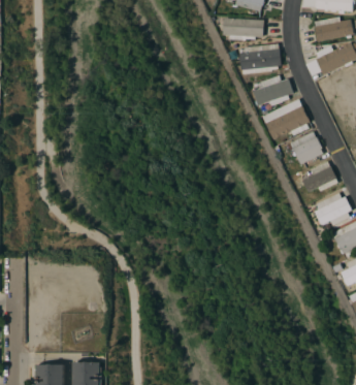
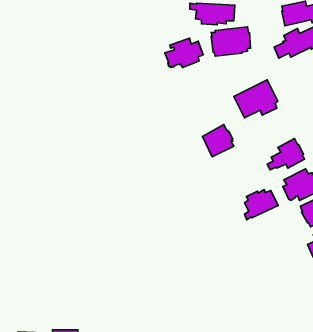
building: [253,75,293,106] -> [165,38,203,68]
building: [290,131,323,165] -> [202,125,234,157]
building: none -> [244,190,278,220]

